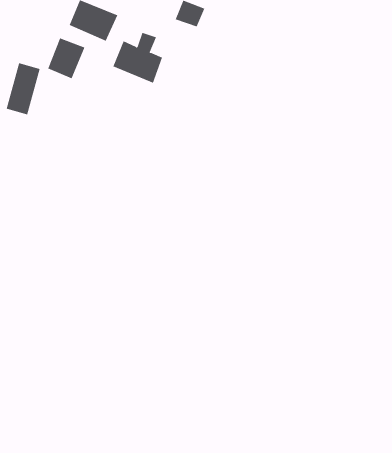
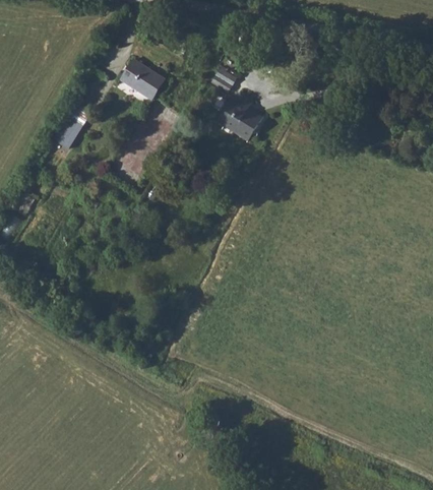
building: [112,32,163,84] -> [216,95,261,140]
building: [48,37,85,79] -> none

